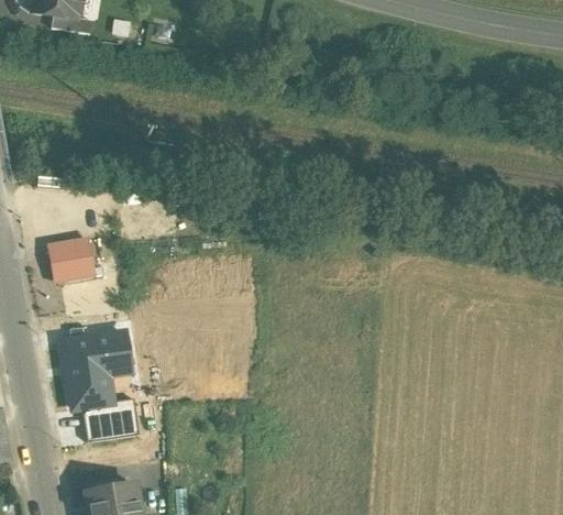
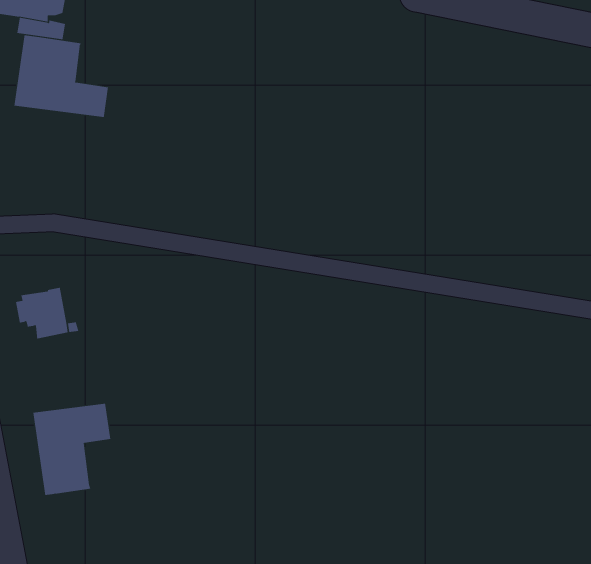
building: none -> [14,35,109,118]
building: [81,396,140,441] -> none

